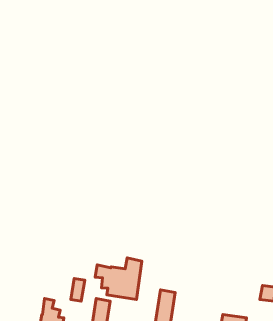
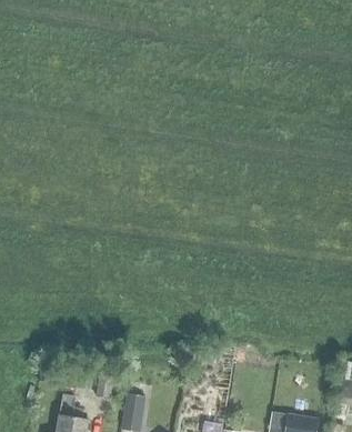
building: [95,258,142,299] -> none

